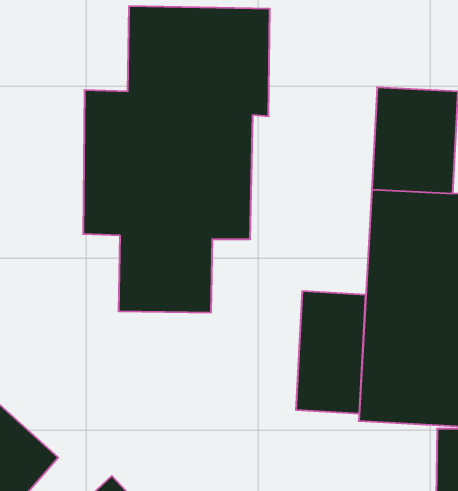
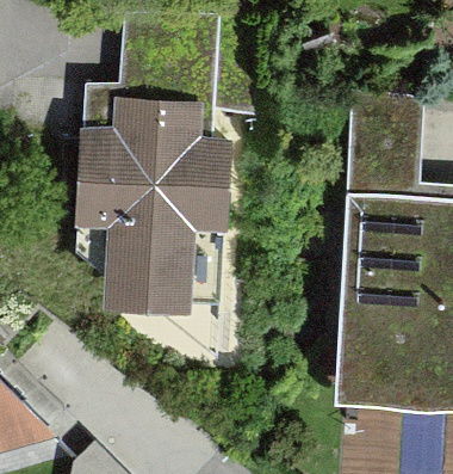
building: [296,291,366,414] -> none

